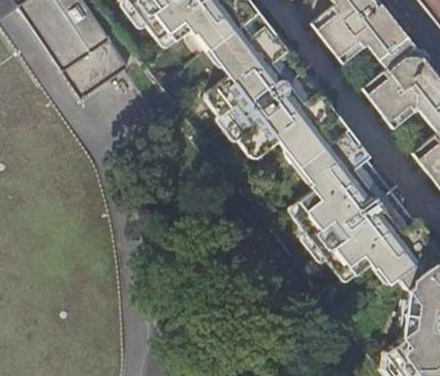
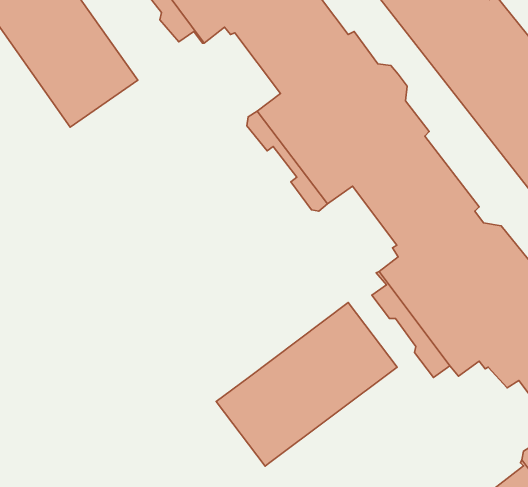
building: none -> [216,303,397,466]

